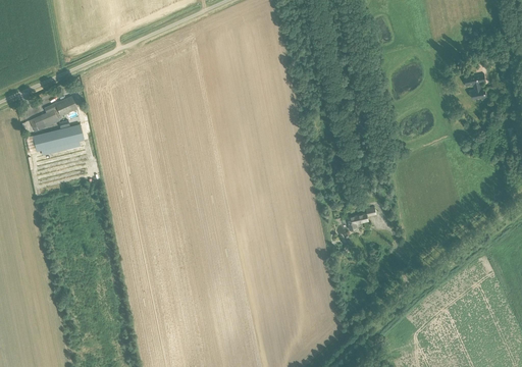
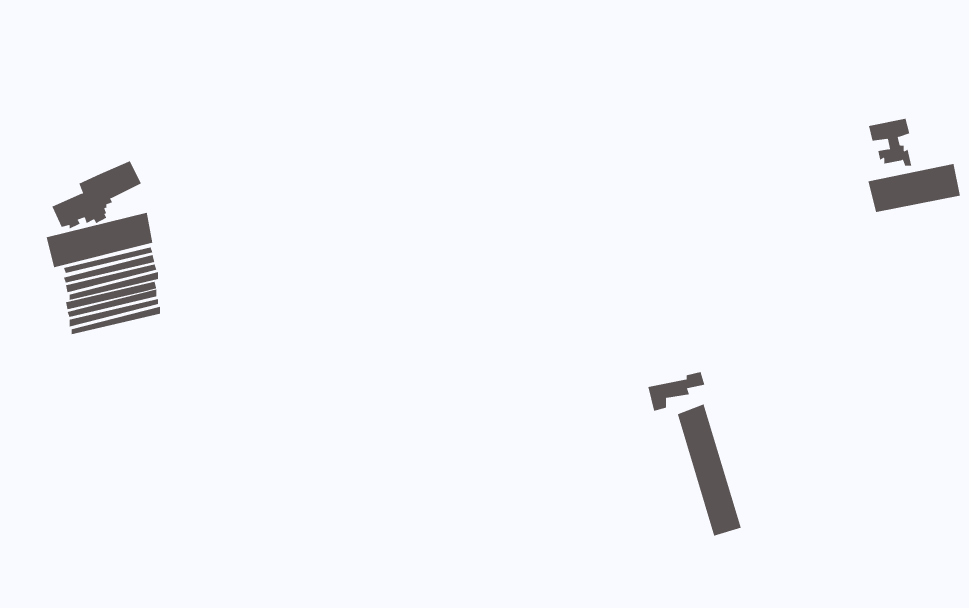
building: none -> [868,163,961,213]
building: none -> [677,403,742,537]

